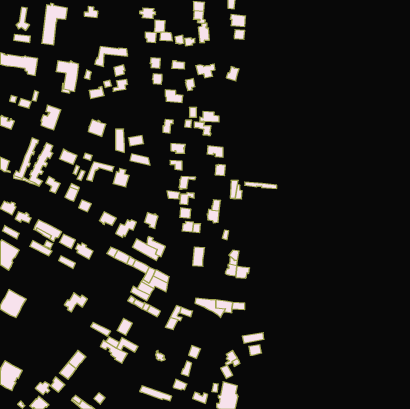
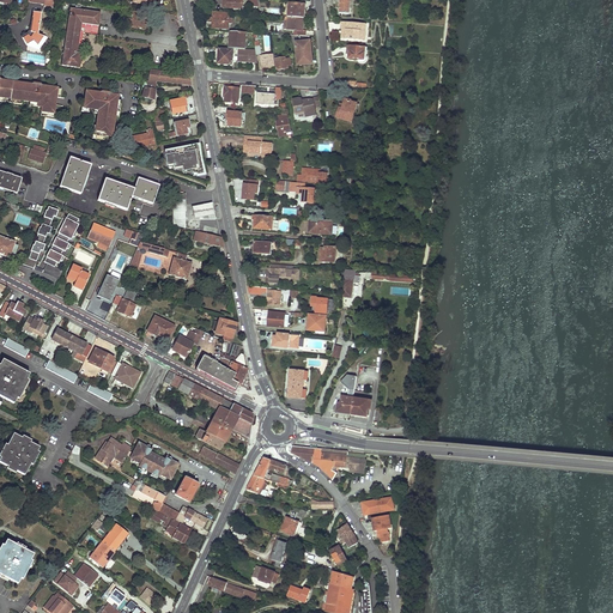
building: none -> [164,145,204,174]
building: none -> [97,180,133,210]
building: none -> [129,442,177,479]

